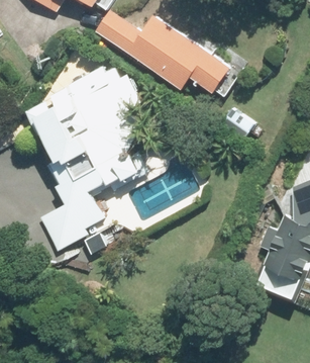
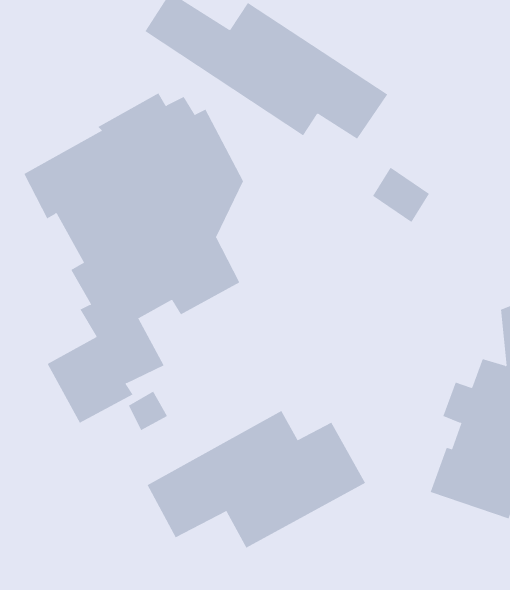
building: none -> [147,410,366,548]

